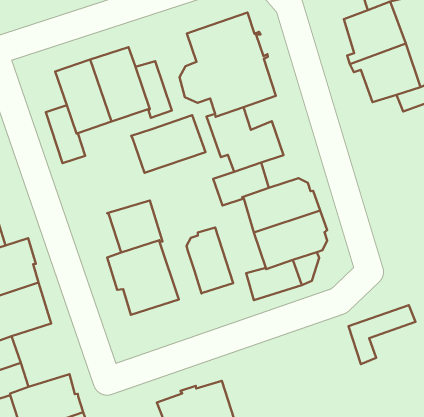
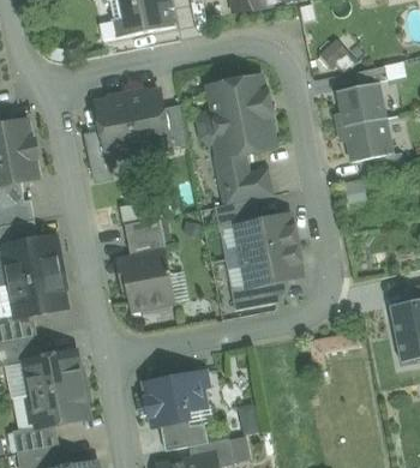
building: [131,115,206,173] -> none
building: [186,227,233,294] -> none

